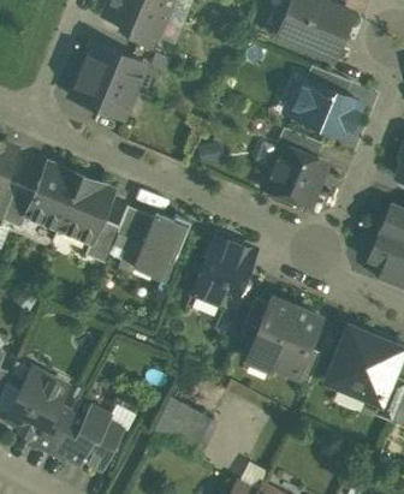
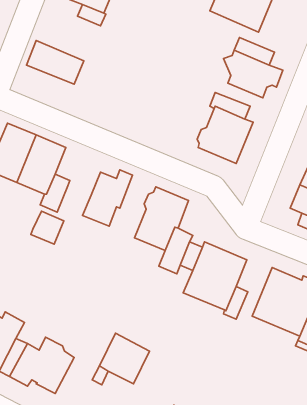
building: [82,42,148,91] -> none
building: [118,207,155,244] -> [31,211,64,244]

